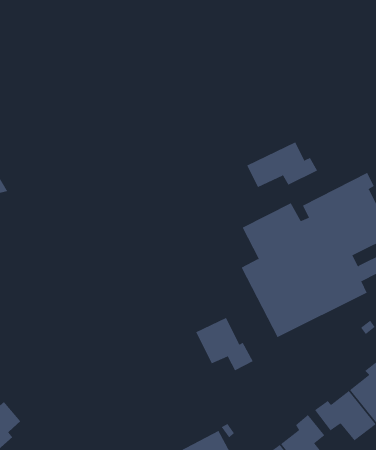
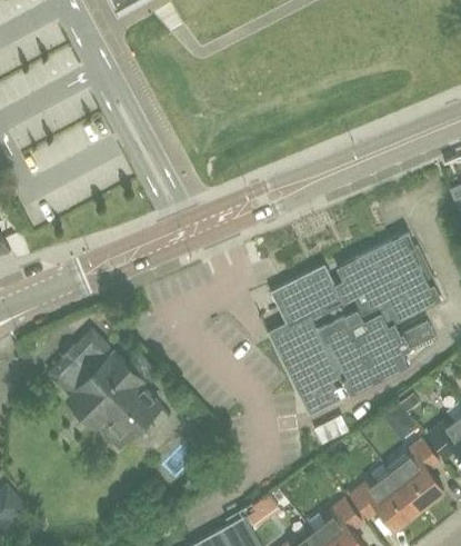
building: [247,142,318,188] -> none
building: none -> [51,334,161,448]
building: [195,317,253,371] -> none

